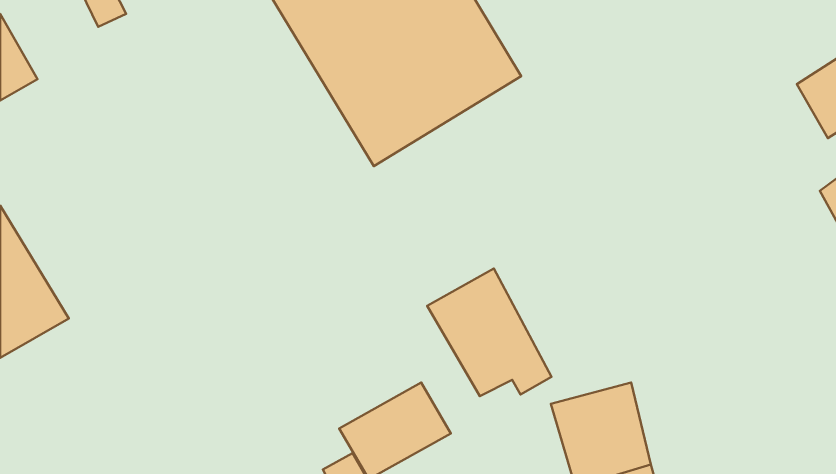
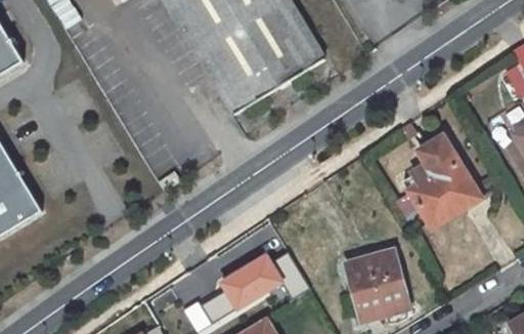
building: none -> [406,132,481,223]
building: [427,269,552,396] -> none

